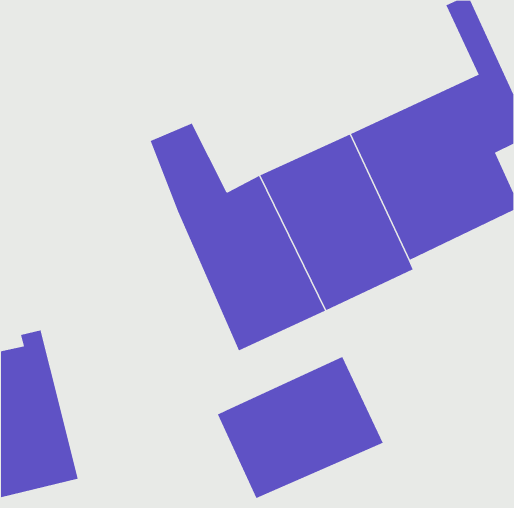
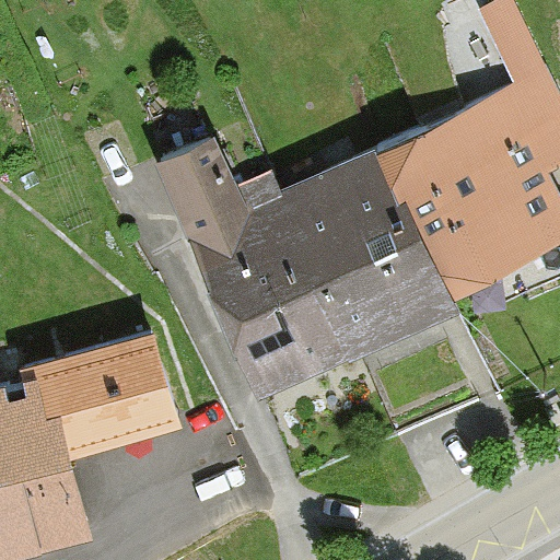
building: none -> [45,339,175,448]
building: [217,356,383,499] -> none

